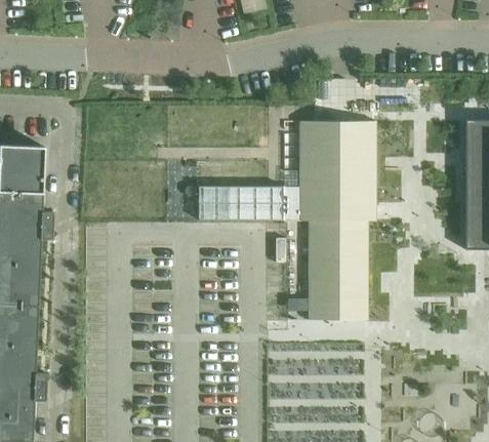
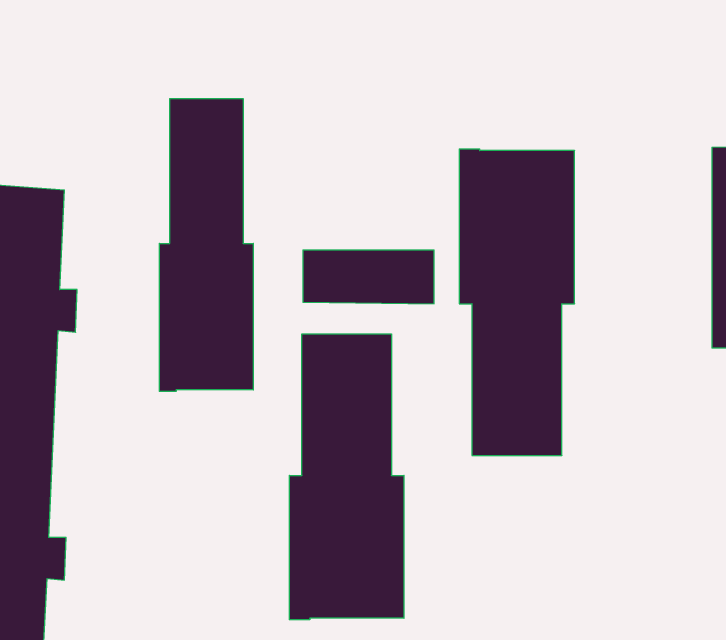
building: none -> [159,99,253,391]
building: none -> [289,334,404,620]

